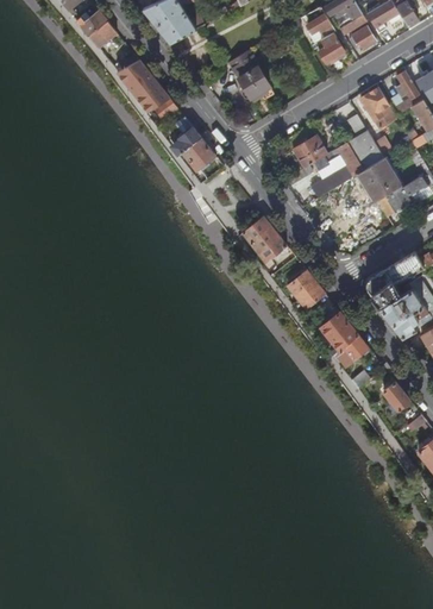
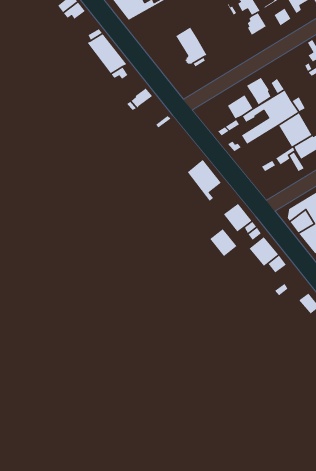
building: [357,87,389,123] -> [246,77,272,105]
building: [183,138,215,170] -> none
building: none -> [209,228,238,257]

